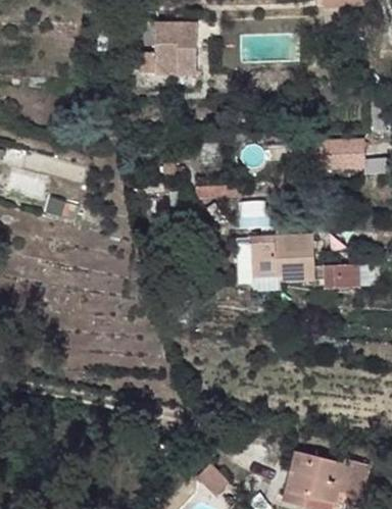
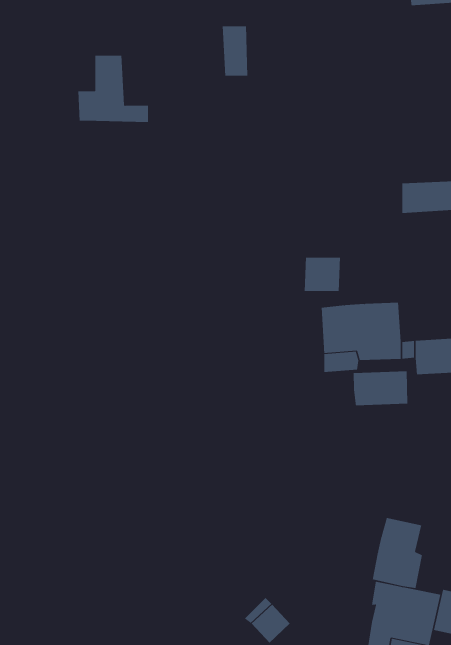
building: [140,21,195,73] -> [77,55,149,122]
building: none -> [353,370,408,406]
building: none -> [372,517,422,589]

